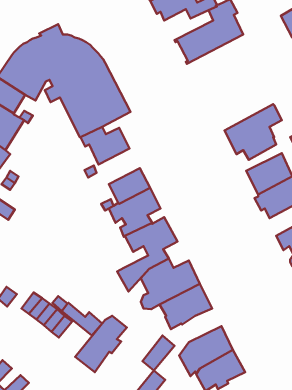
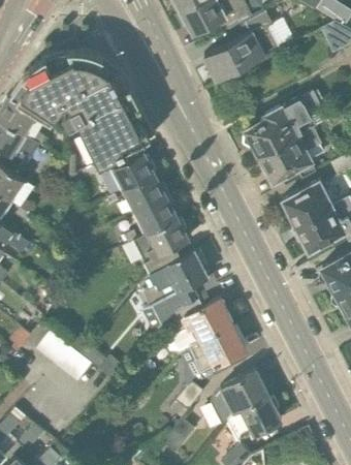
building: none -> [244,91,320,156]
building: none -> [121,176,166,215]
building: [75,316,127,372] -> none

